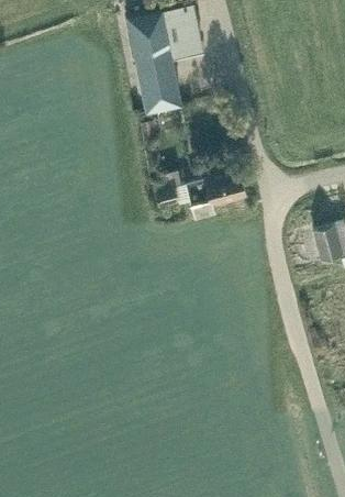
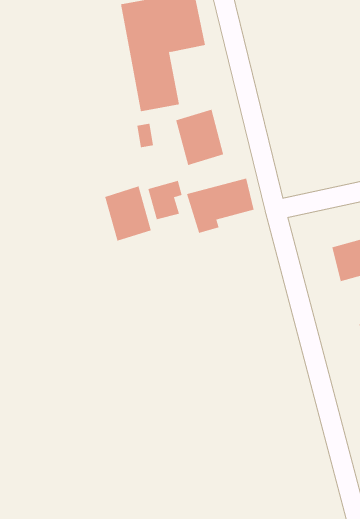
building: none -> [176,109,224,166]
building: none -> [104,186,152,242]

